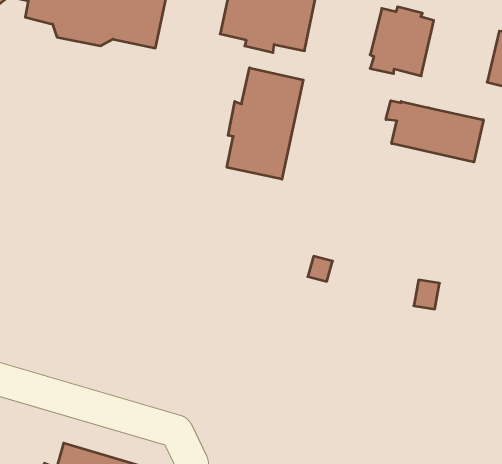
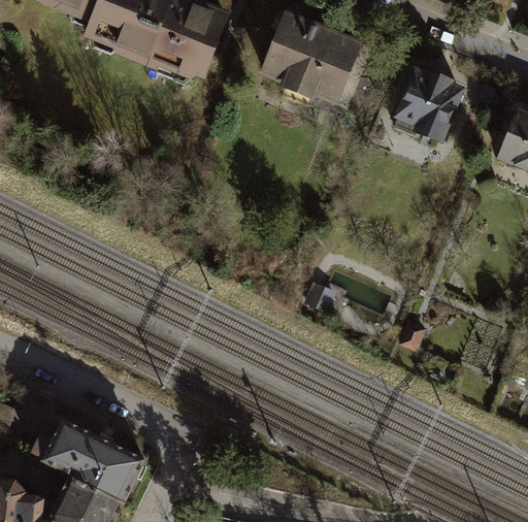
building: [227,68,303,179] -> none
building: [386,101,483,162] -> none

